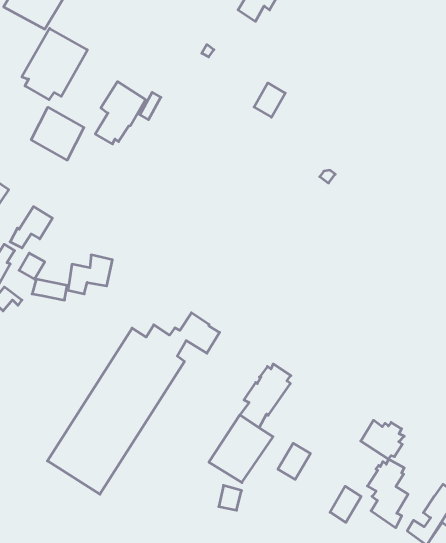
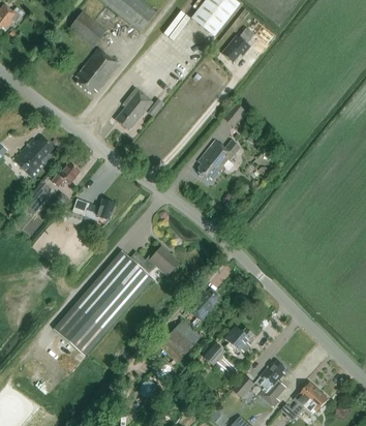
building: [31,107,84,160] -> none
building: none -> [193,140,240,182]
building: [361,420,404,459] -> [223,326,252,353]

